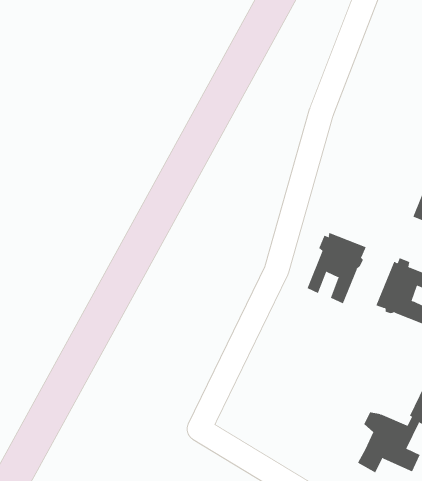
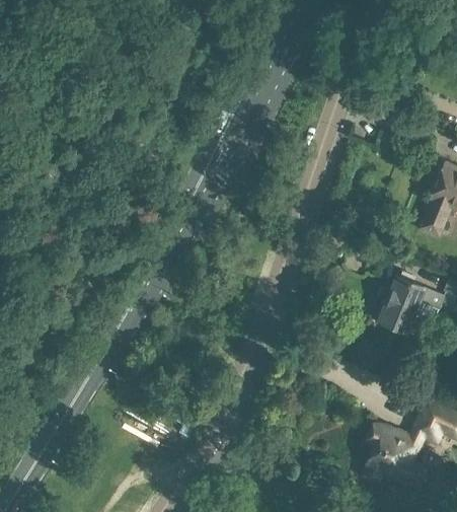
building: [307,232,367,304] -> none

